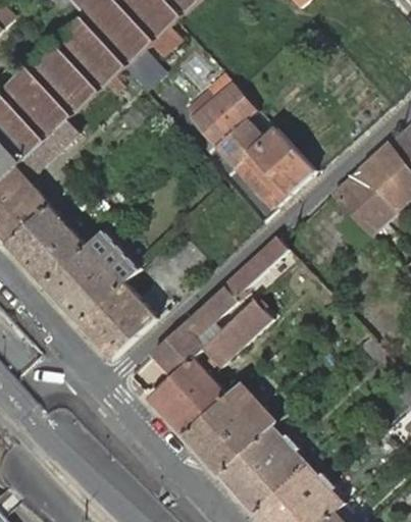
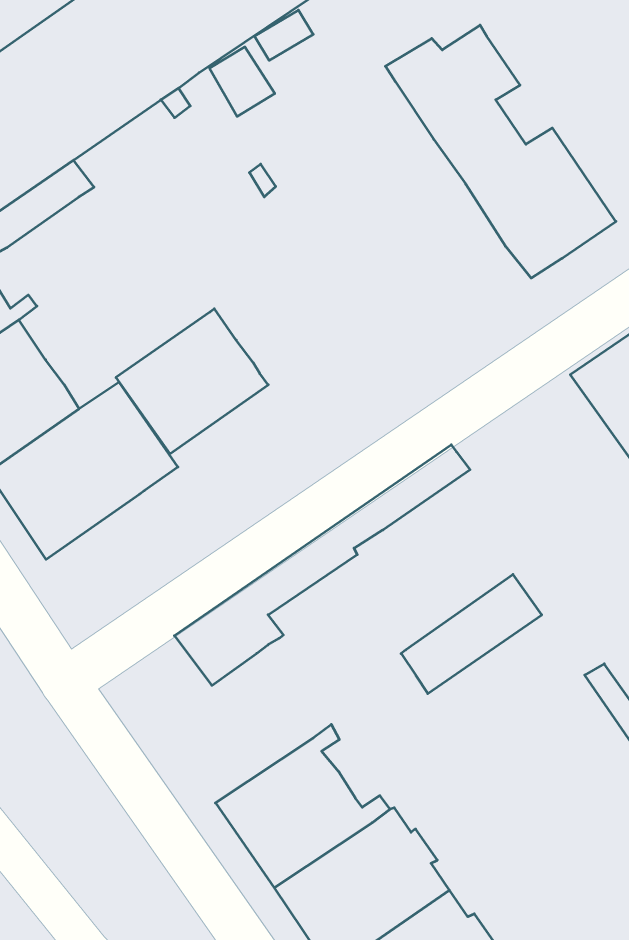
building: [187,83,314,207] -> [385,25,616,278]
building: [81,282,158,359] -> [116,309,268,454]
building: [204,300,272,366] -> [401,574,542,694]
building: [149,357,237,435] -> none

